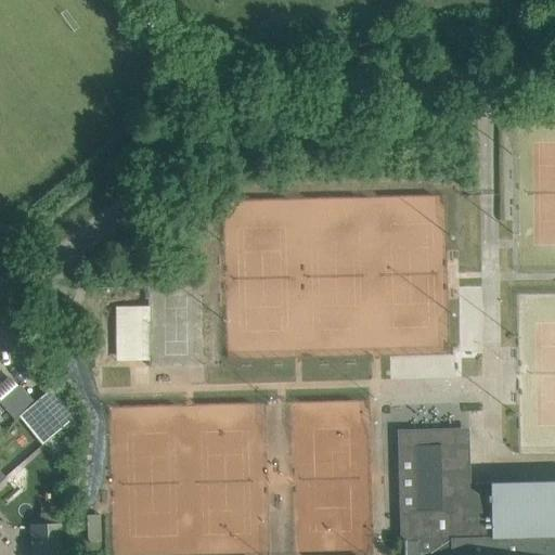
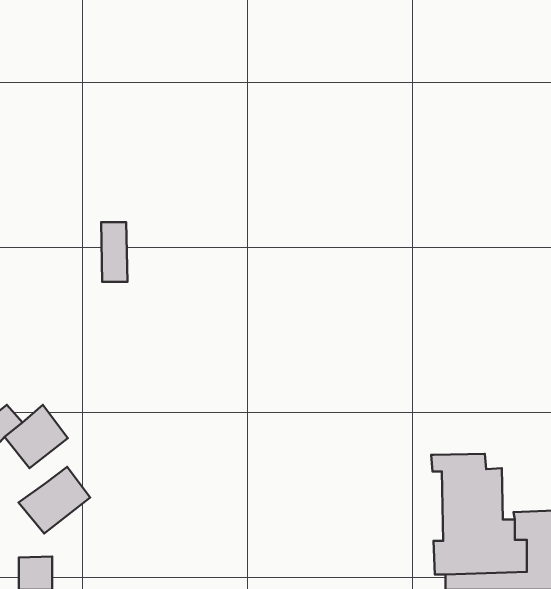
building: [120,306,144,360] -> [101,222,127,282]
building: none -> [18,467,90,534]

